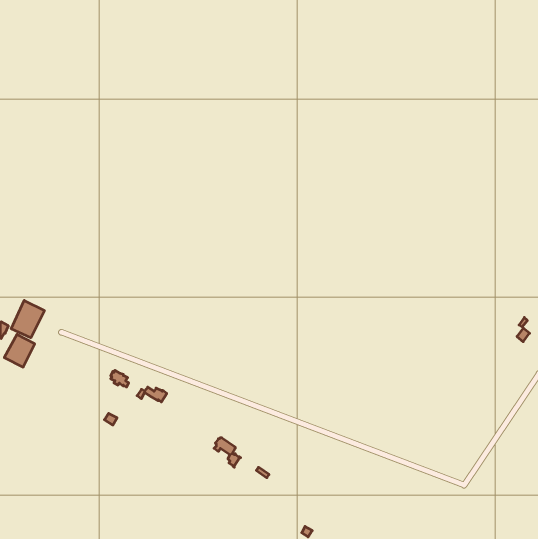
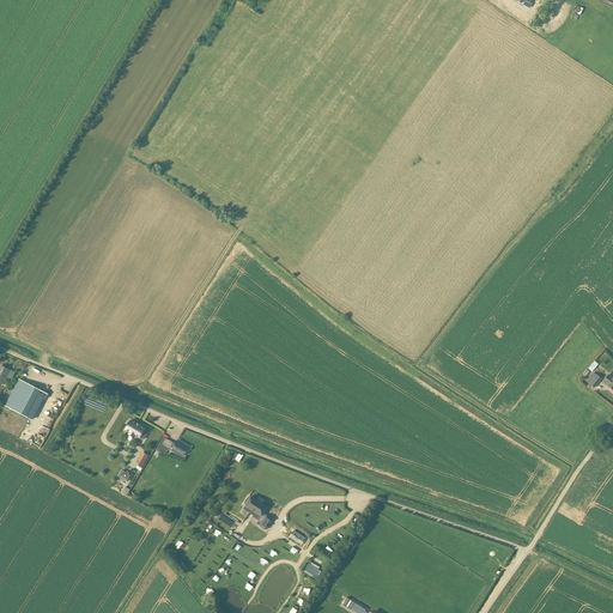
building: [11,300,44,338] -> none

